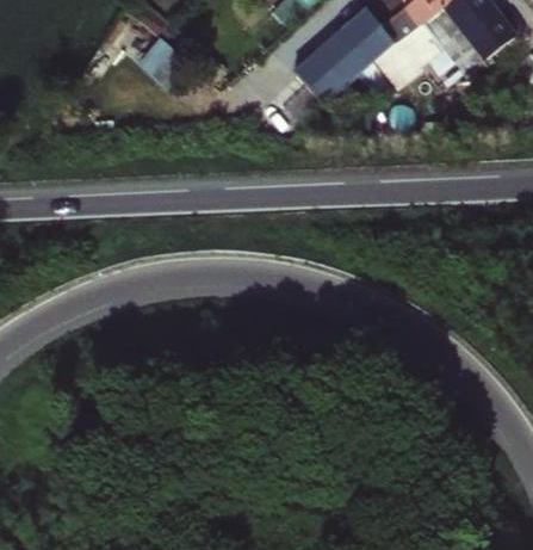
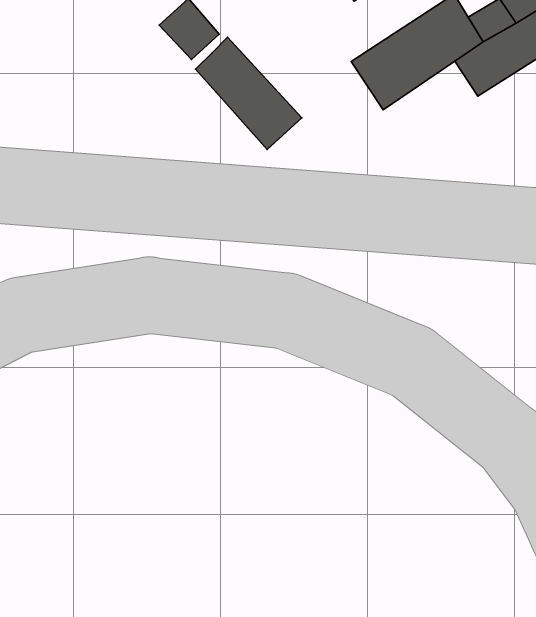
building: none -> [195,37,302,150]

